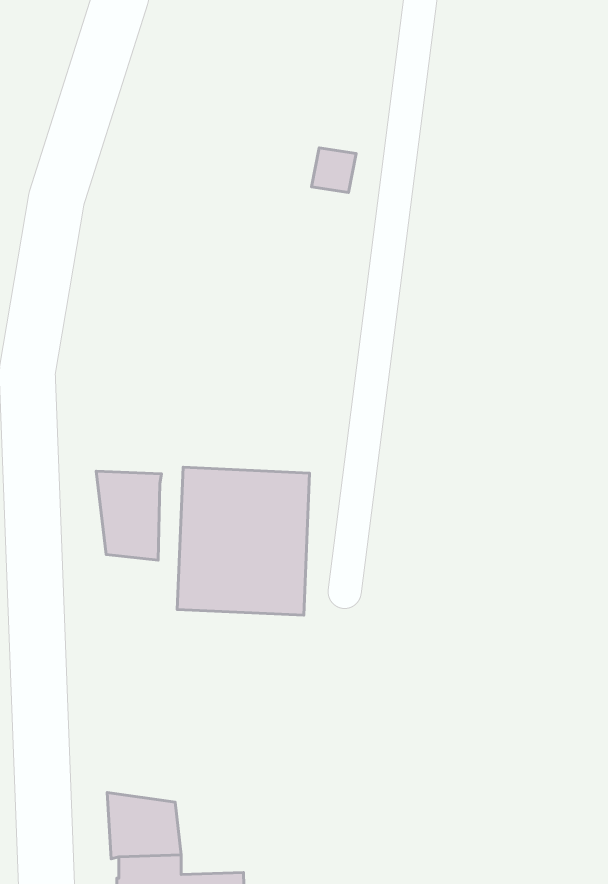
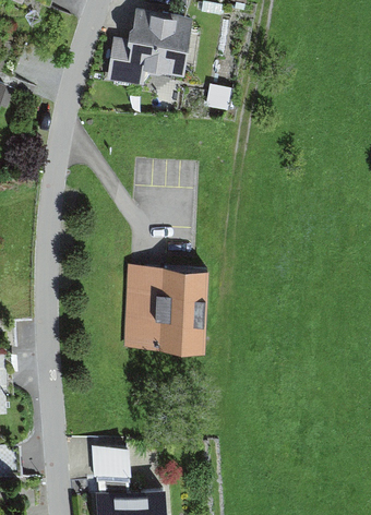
building: none -> [104,12,190,86]
building: [96,471,162,560] -> none

